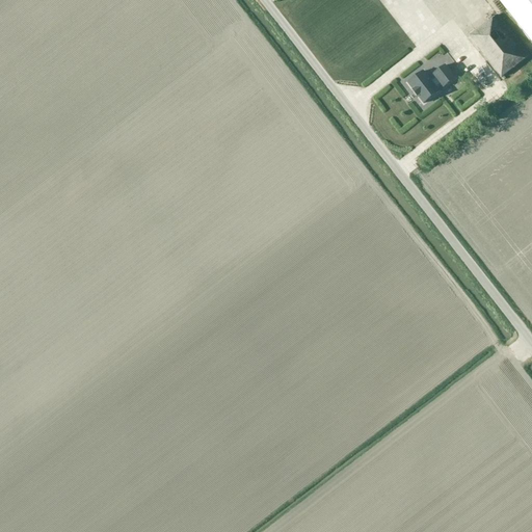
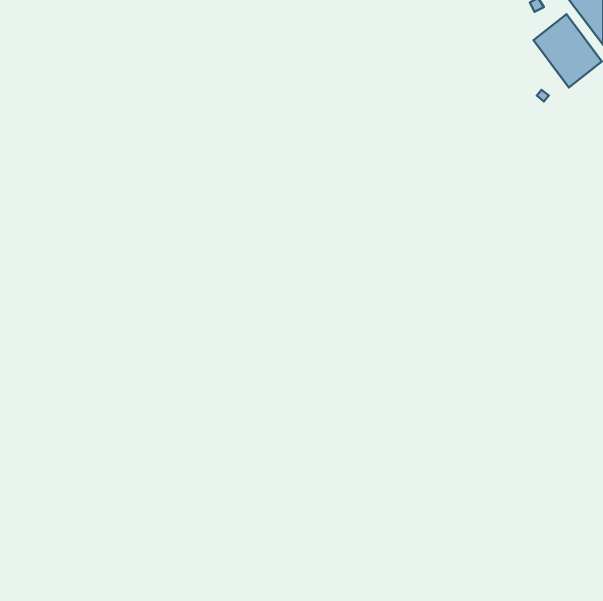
building: [408,63,455,102] -> none

